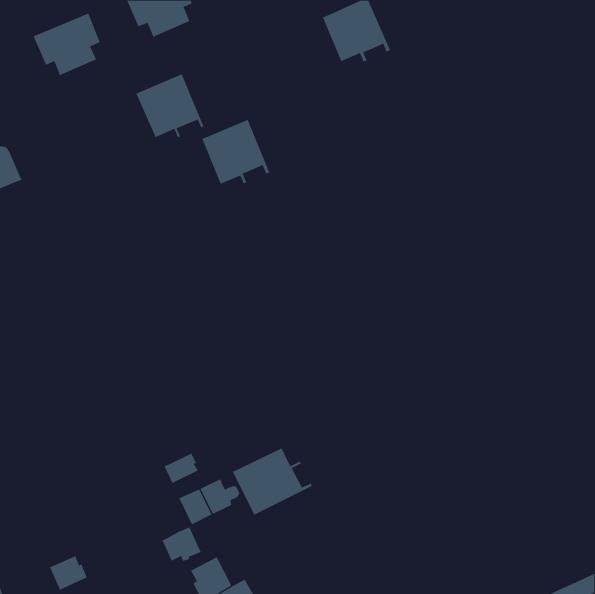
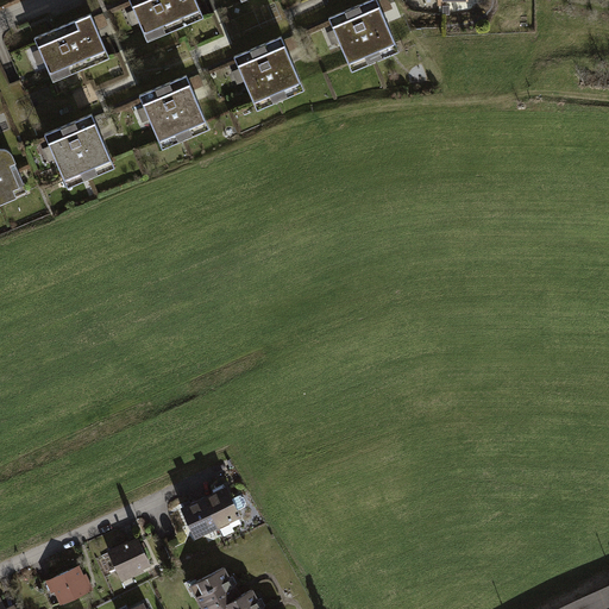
building: none -> [44,115,114,182]
building: [201,119,270,184] -> [233,38,303,105]
building: [232,448,312,516] -> none
building: [164,453,198,484] -> none
building: [162,526,202,561] -> [108,540,149,576]

